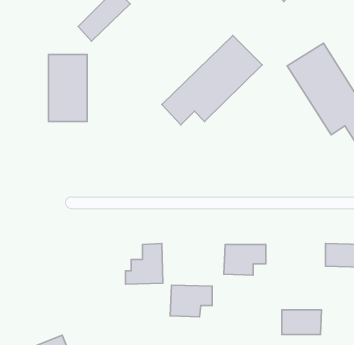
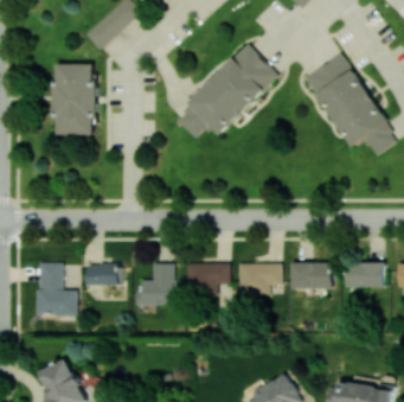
building: none -> [37,262,76,315]
building: none -> [88,263,120,285]
building: [170,285,212,317] -> [185,262,229,295]
building: [282,310,321,335] -> [290,262,332,288]

